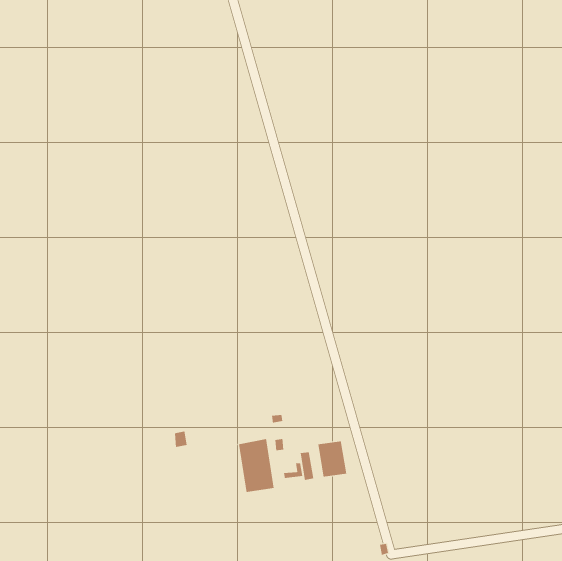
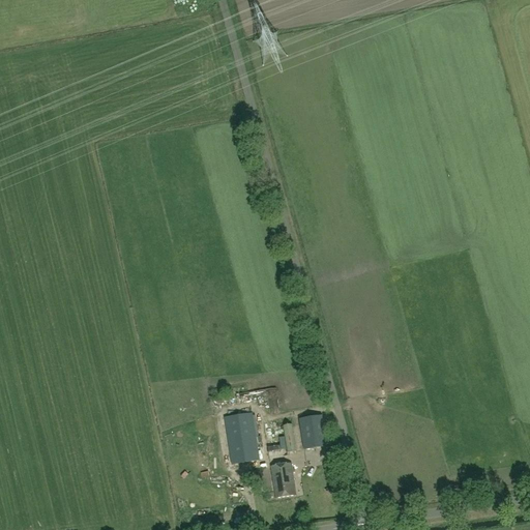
building: none -> [269,462,295,497]

